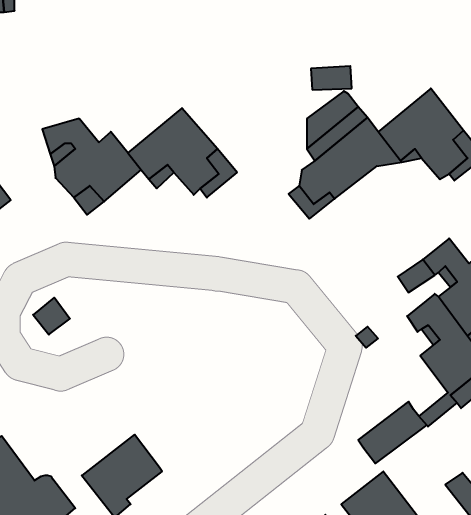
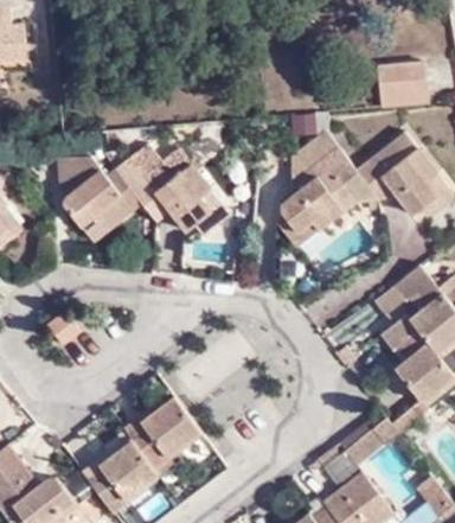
building: none -> [379,71,429,116]
building: none -> [127,396,201,471]

